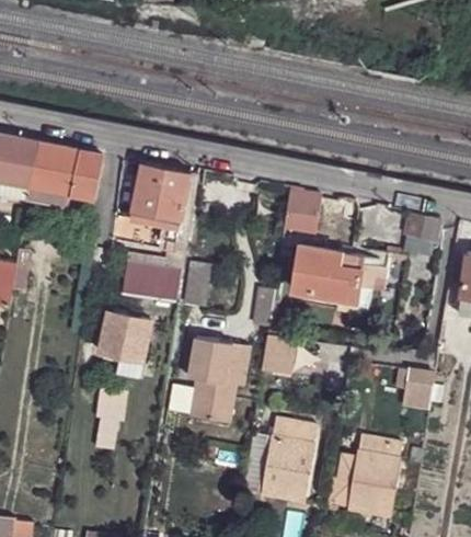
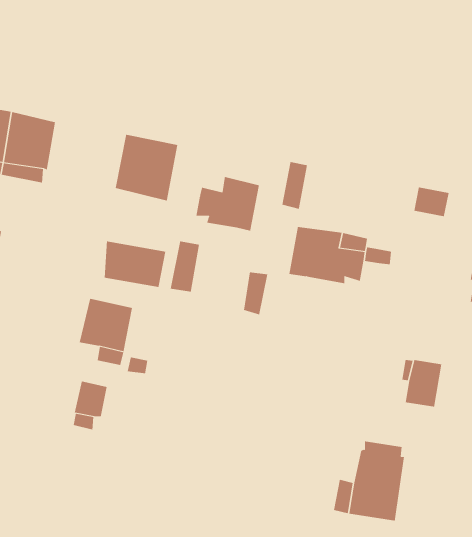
building: [72,150,105,198] -> none
building: none -> [196,176,259,232]
building: [260,333,297,375] -> none
building: [186,335,251,422] -> none
building: [261,427,313,501] -> none

